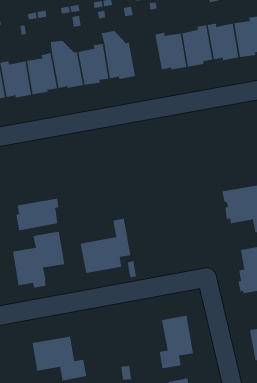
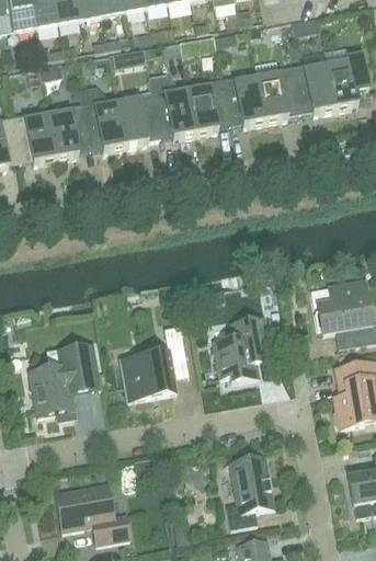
building: none -> [187,78,230,134]
building: [16,198,59,231] -> none
building: none -> [214,316,273,380]

